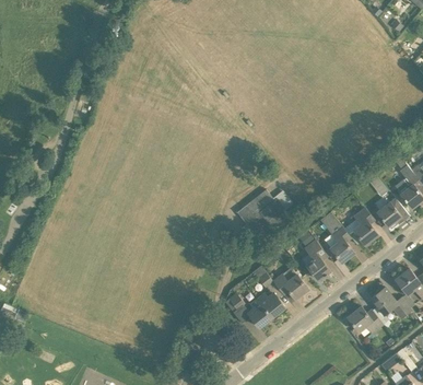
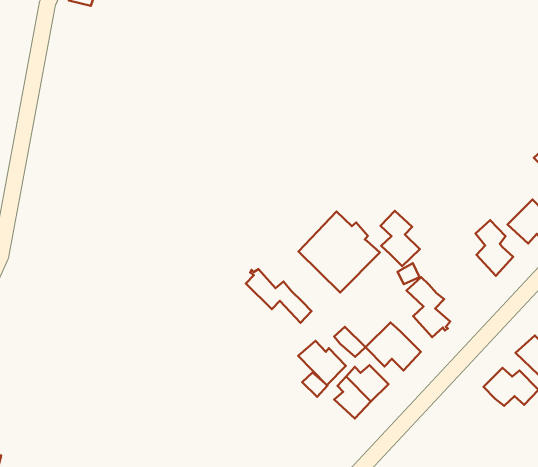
building: none -> [246,269,312,323]
building: [329,225,354,262] -> [380,211,420,266]
building: none -> [298,341,346,385]

